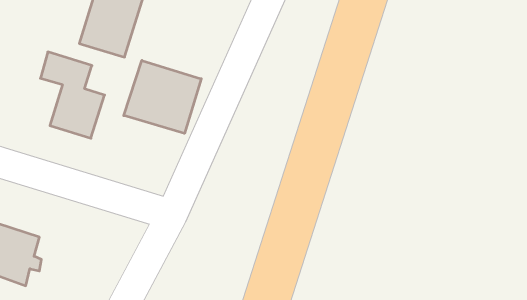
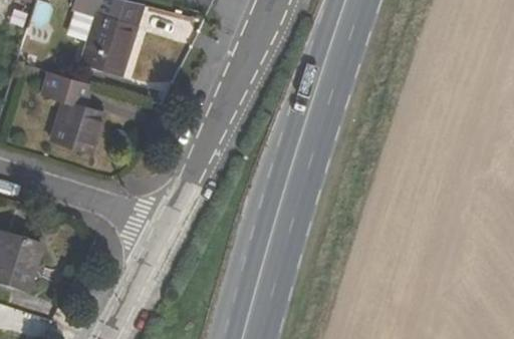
building: [124,60,201,133] -> none

